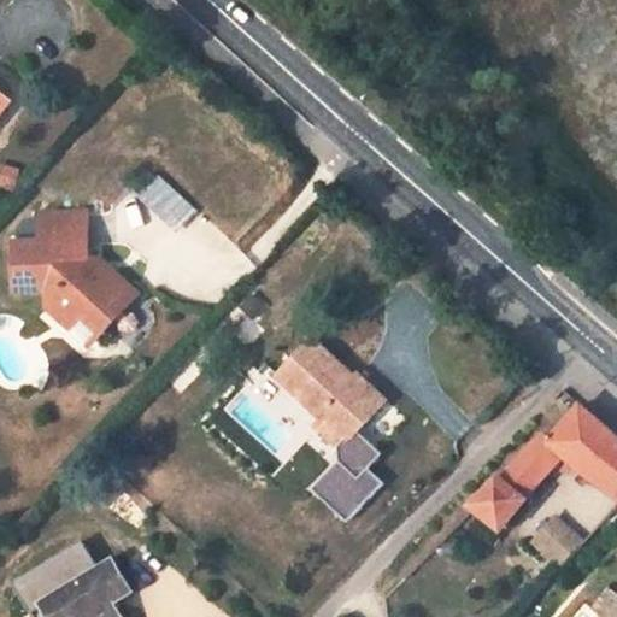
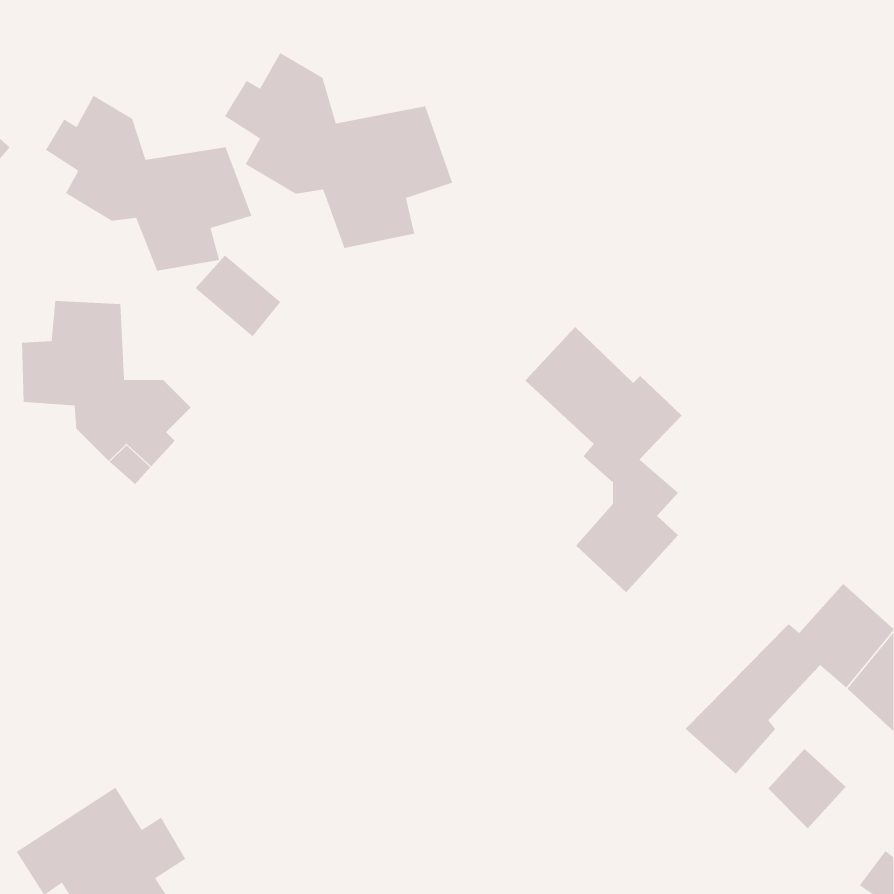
building: none -> [224,52,453,249]
building: none -> [45,95,252,271]
building: [276,340,384,523] -> [524,326,682,593]

